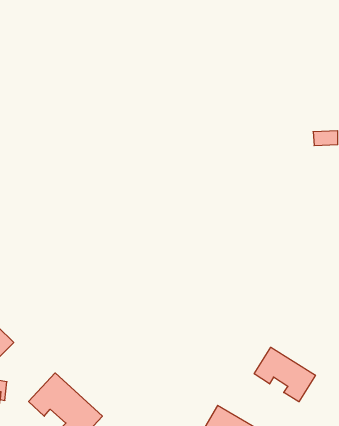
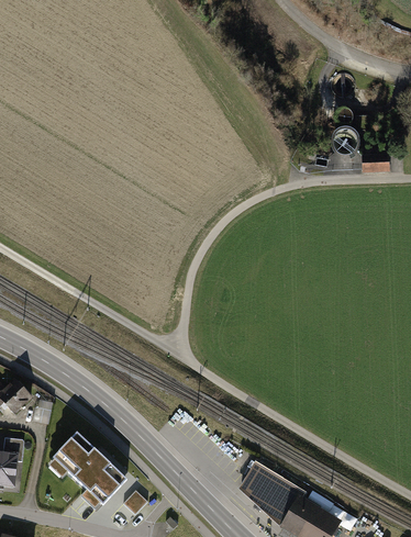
building: [254,347,315,402] -> none

